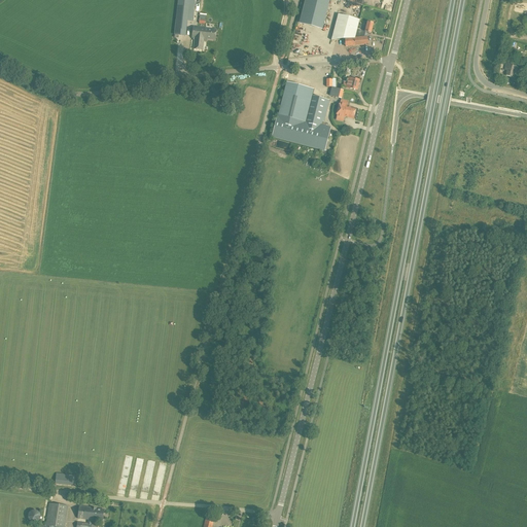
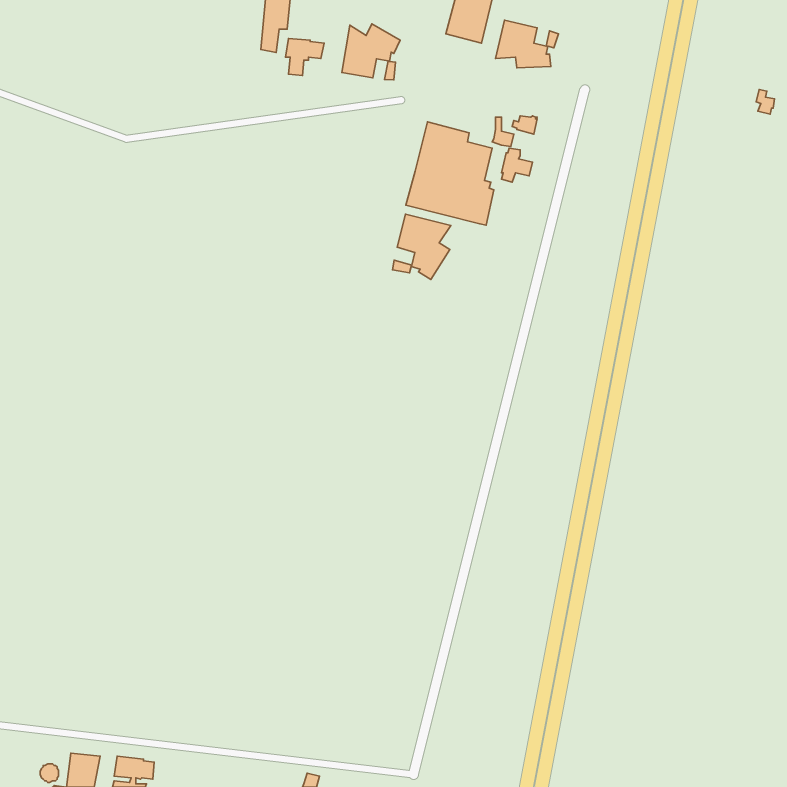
building: none -> [342,24,400,80]
building: none -> [393,214,451,280]

